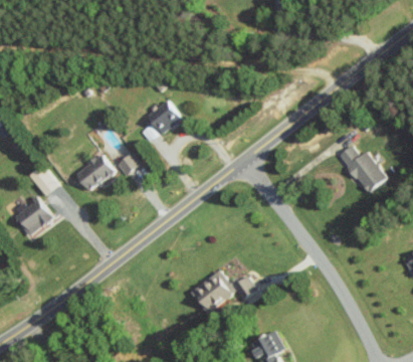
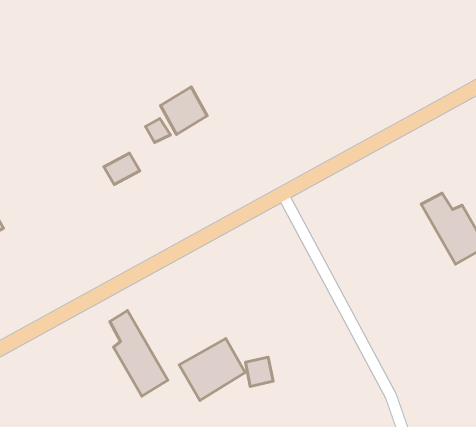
building: [77,156,114,189] -> none
building: none -> [110,310,168,396]

